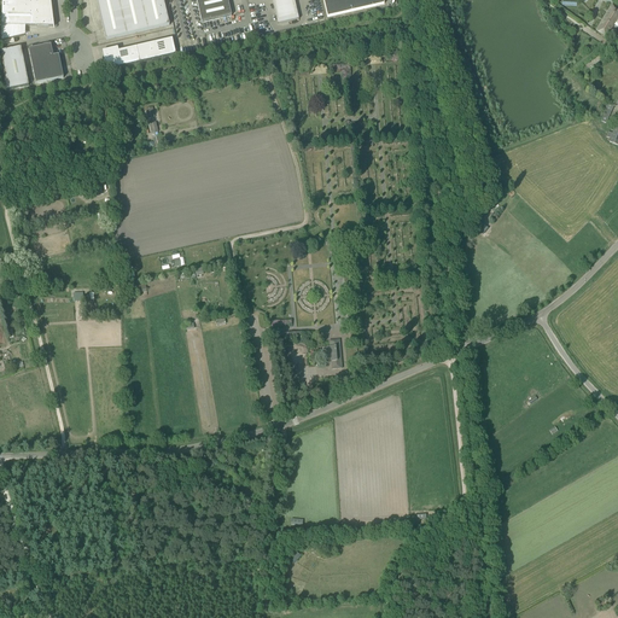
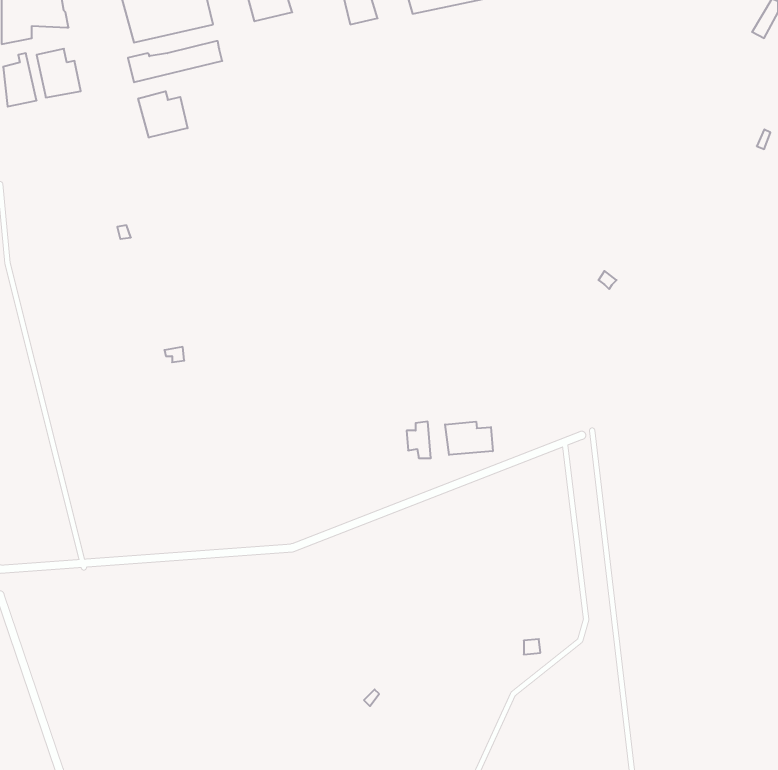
building: none -> [138,91,188,138]
building: none -> [445,422,493,455]

